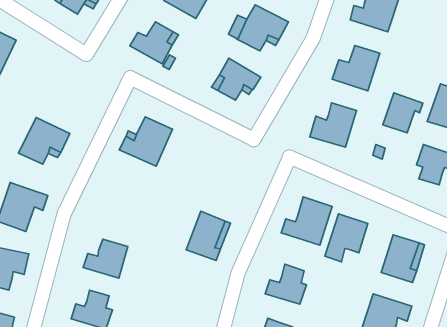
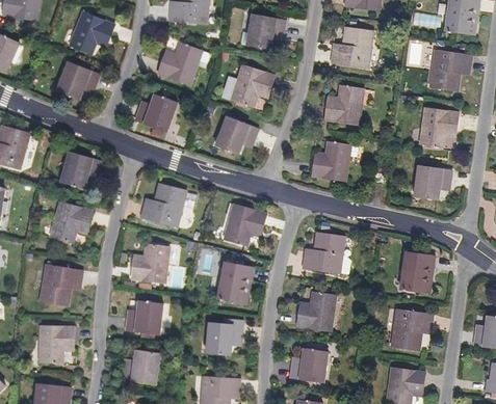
building: none -> [60,151,103,188]
building: [383,93,423,133] -> none
building: none -> [224,203,266,244]
building: none -> [131,244,169,284]
building: [325,214,368,262] -> none
building: none -> [205,319,242,361]

